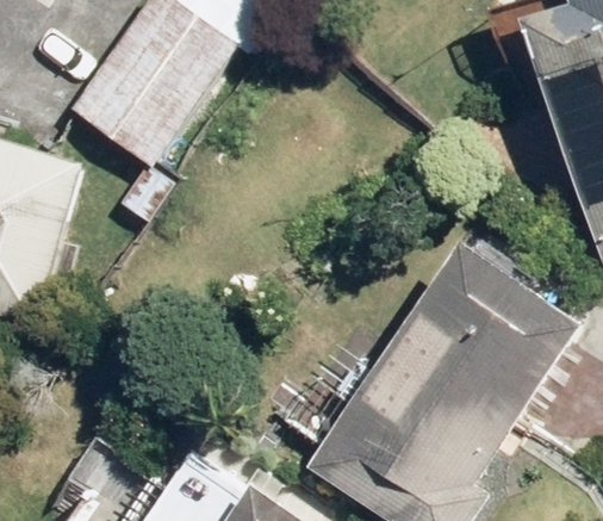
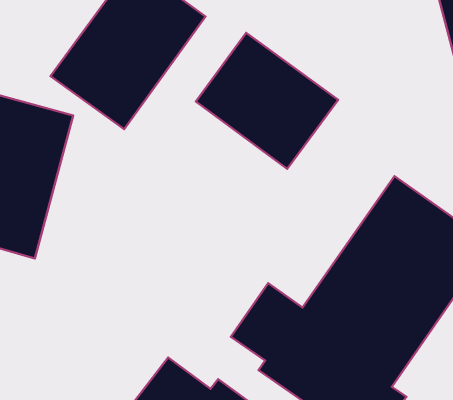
building: none -> [196,33,338,169]

